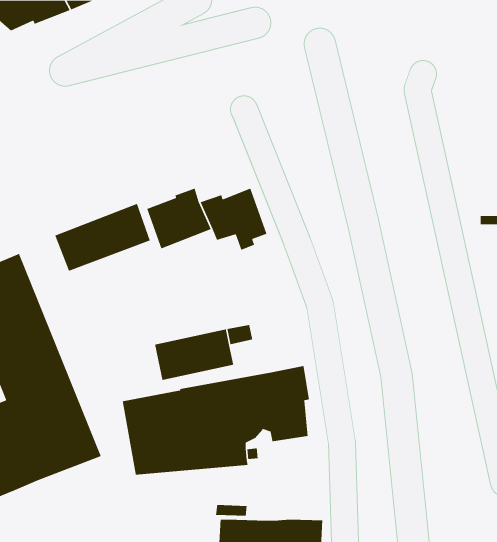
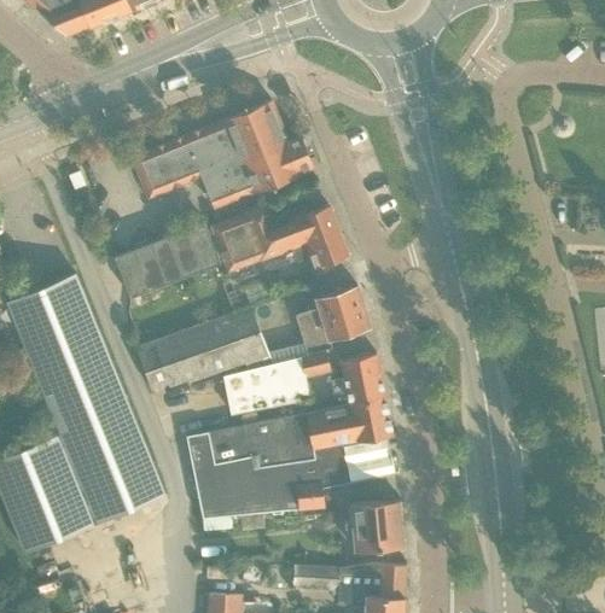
building: none -> [132,101,312,209]
building: none -> [296,286,370,355]
building: none -> [136,308,269,391]
building: none -> [331,354,385,405]
building: none -> [343,496,405,550]

